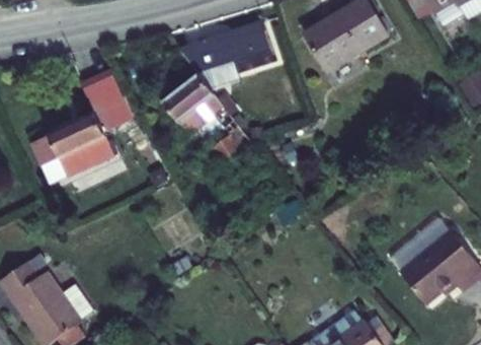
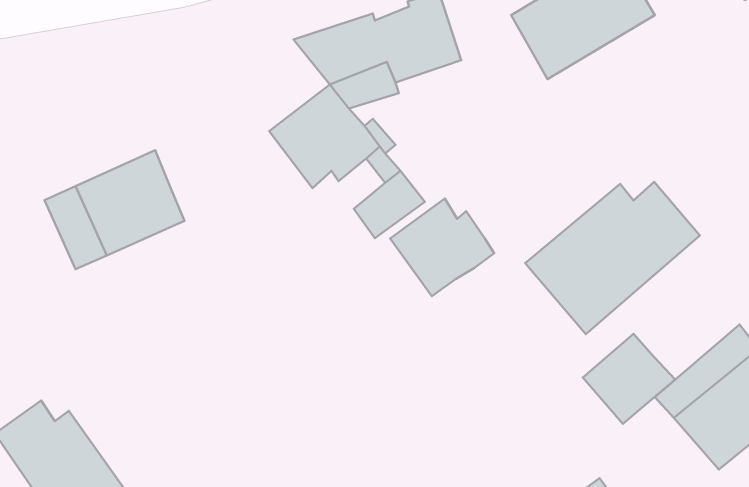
building: [83,71,134,134] -> none
building: none -> [525,182,700,334]
building: none -> [390,198,494,296]
building: none -> [583,334,675,424]

